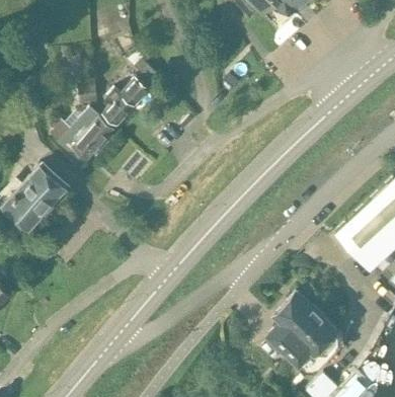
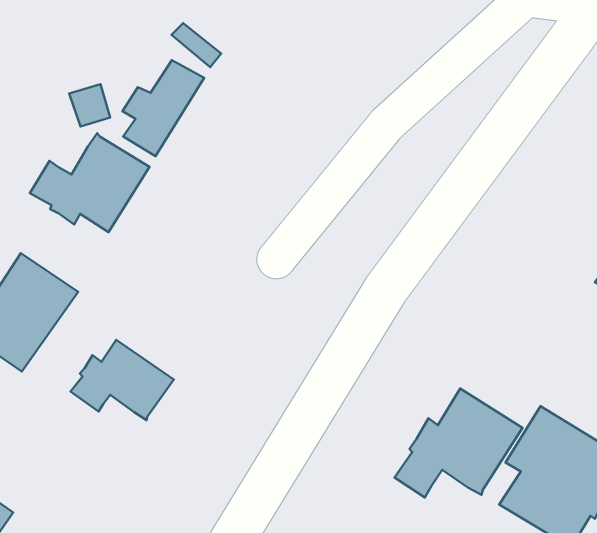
building: none -> [71,340,174,420]
building: none -> [395,389,523,498]

